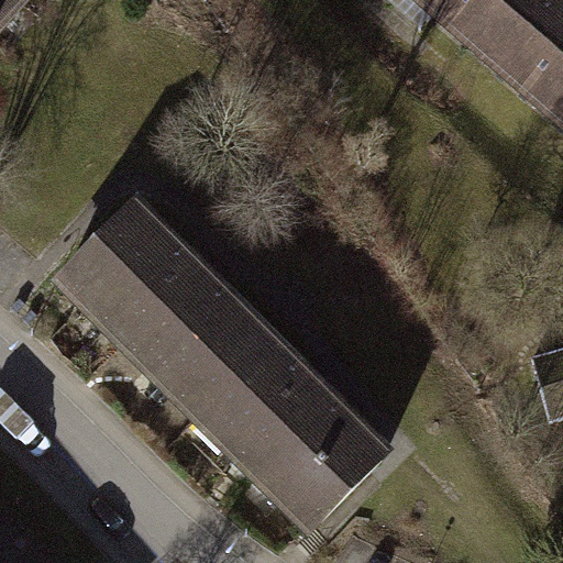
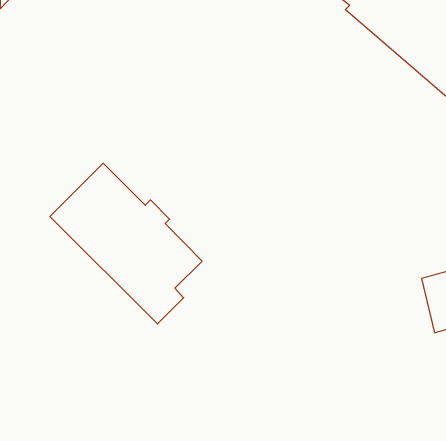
building: [199,329,383,523] -> none

